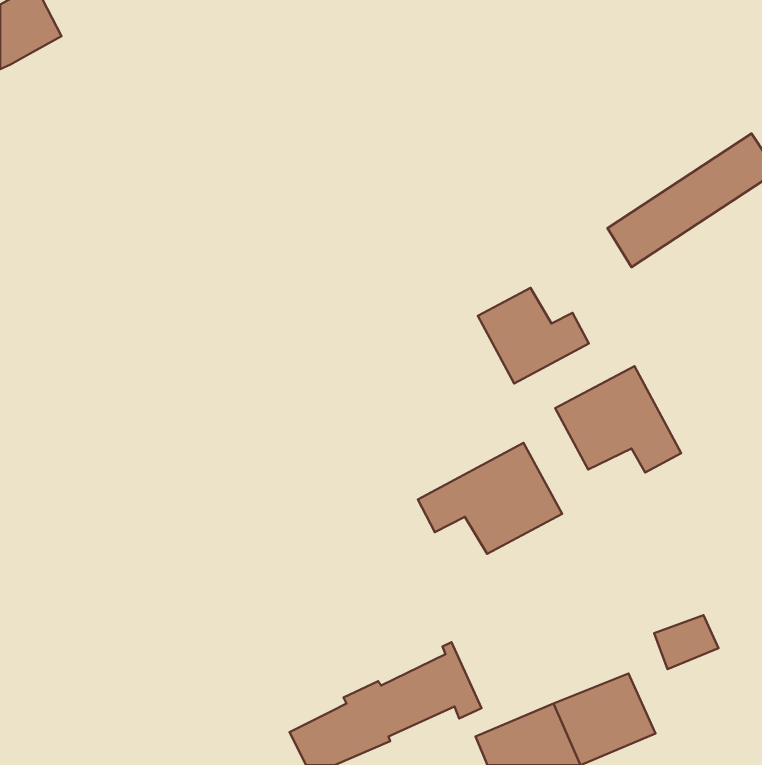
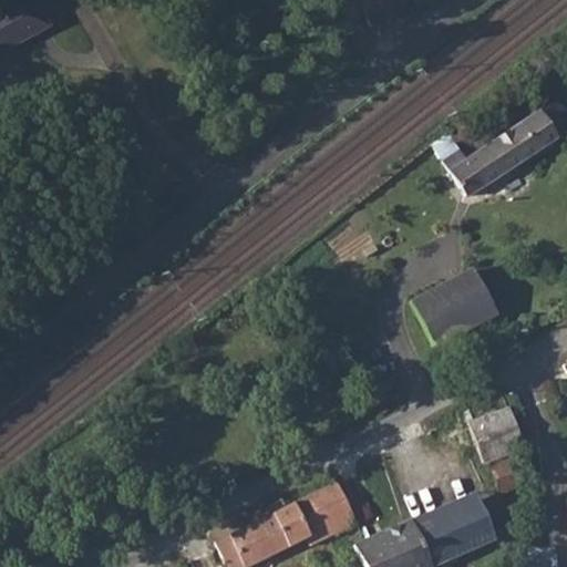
building: [478,288,589,383] -> none
building: [418,443,562,554] -> none
building: none -> [471,409,524,463]

